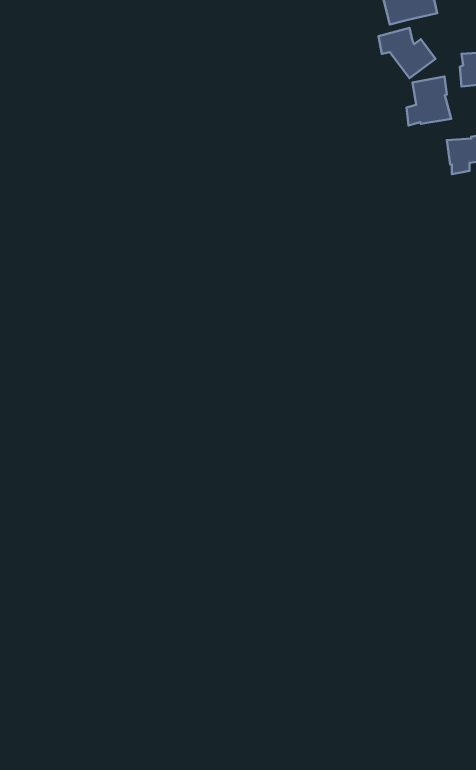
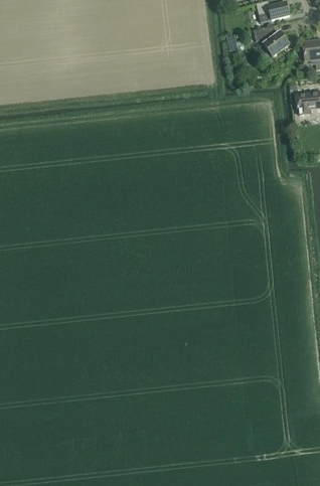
building: [406,77,451,126] -> none

